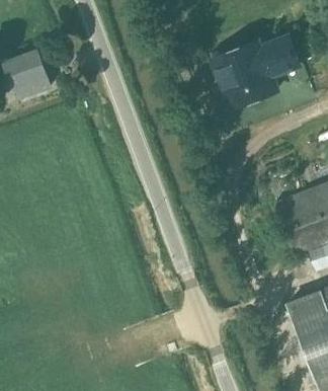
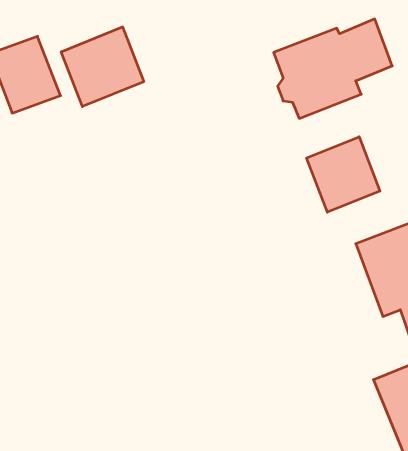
building: none -> [61,27,144,107]
building: none -> [307,137,380,212]

